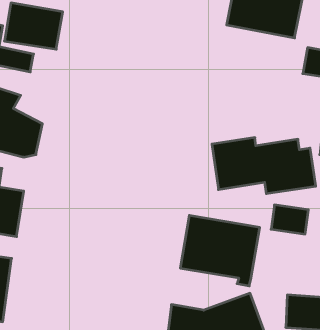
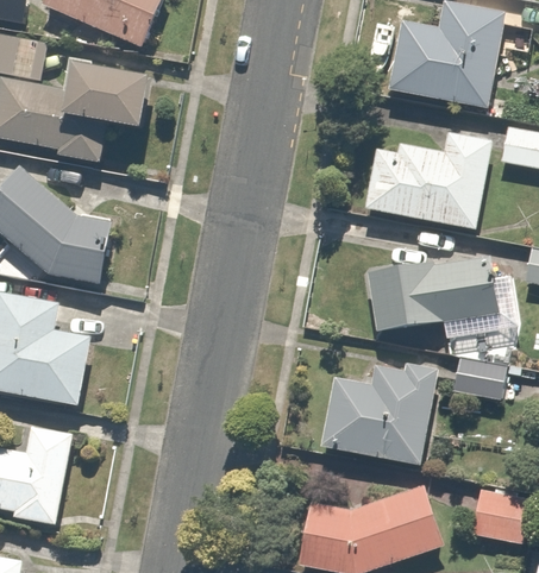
building: none -> [368,131,489,225]

